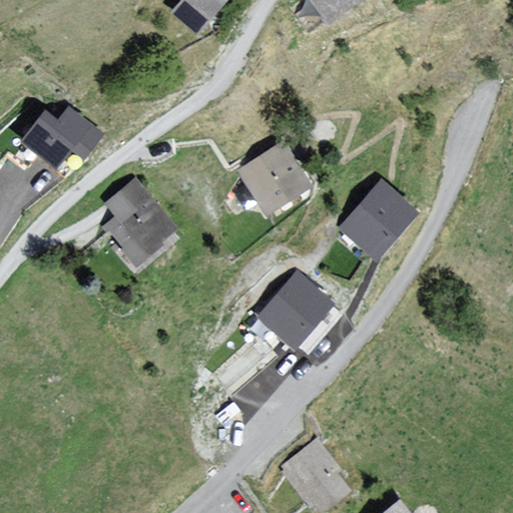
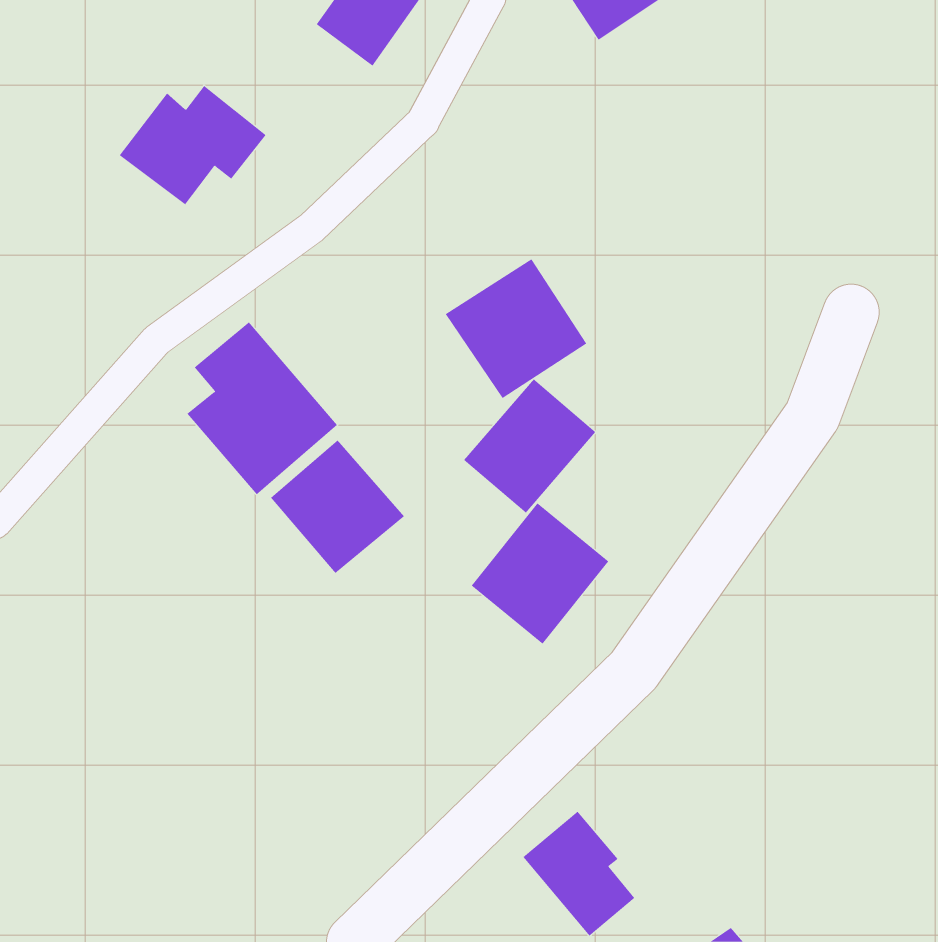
building: [19,103,99,168] -> [119,85,267,205]
building: [340,182,412,255] -> [463,379,596,513]
building: none -> [270,439,405,574]

